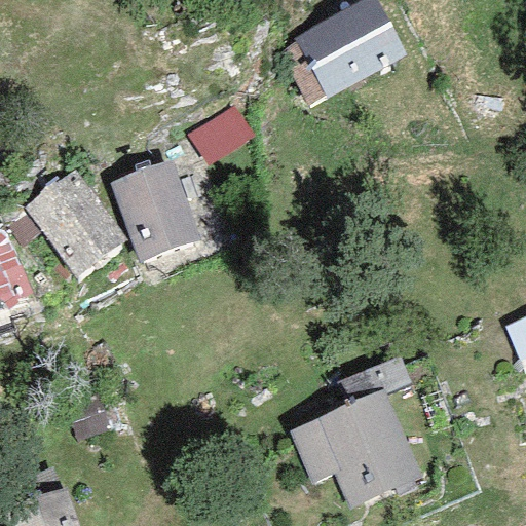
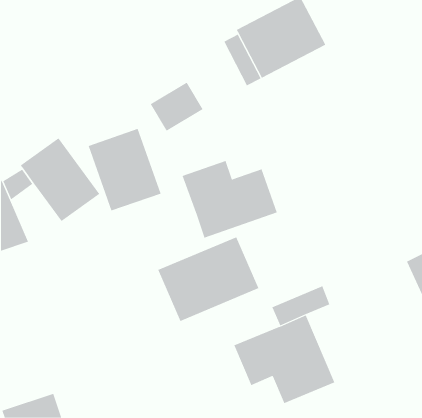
building: none -> [182,160,278,239]
building: none -> [158,236,259,322]

